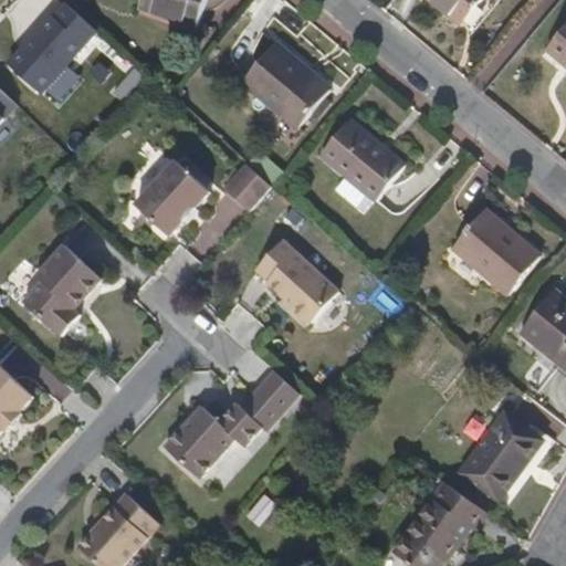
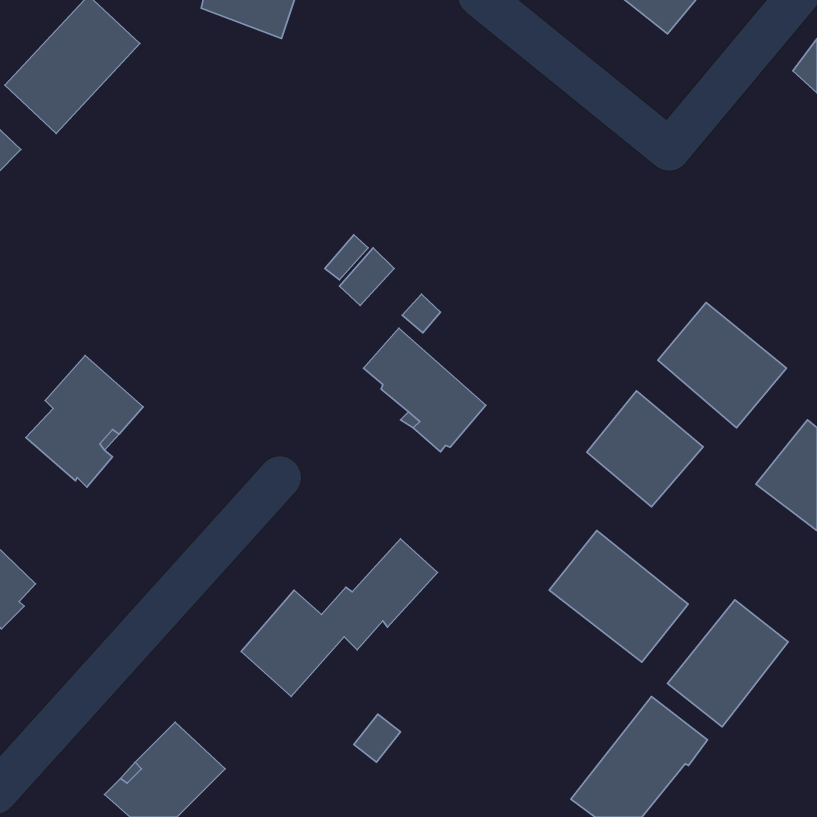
building: [241,40,329,126] -> none
building: [318,117,406,199] -> none
building: [130,161,205,235] -> none
building: none -> [587,391,703,507]
building: none -> [549,530,688,662]

